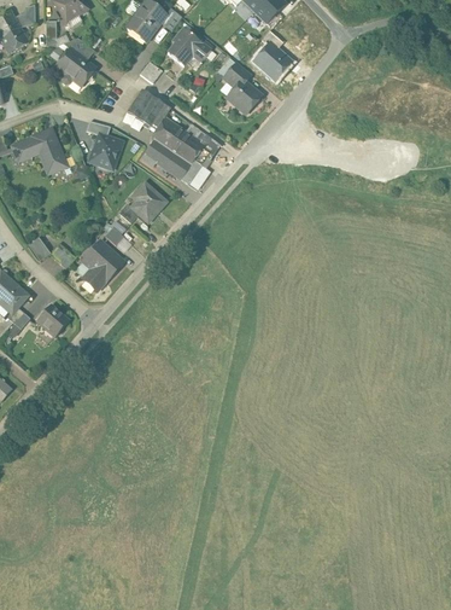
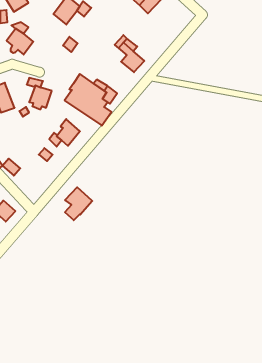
building: [168,25,211,64] -> none
building: [252,30,294,81] -> none
building: [127,88,170,129] -> none
building: [82,240,123,290] -> [65,187,92,220]

